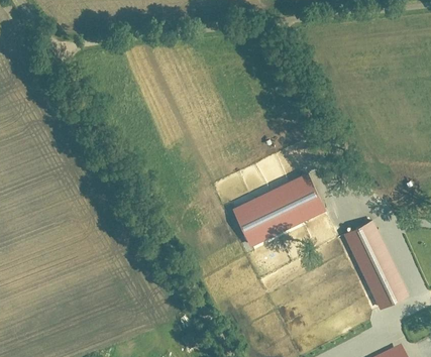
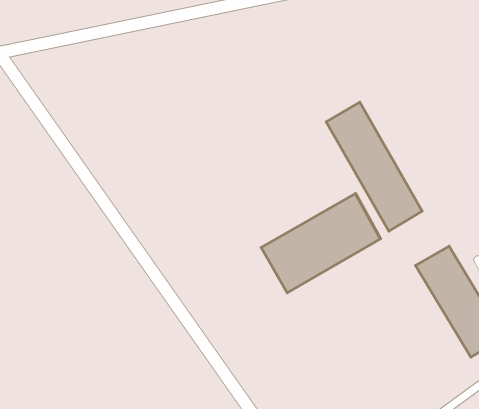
building: none -> [326,102,422,231]

